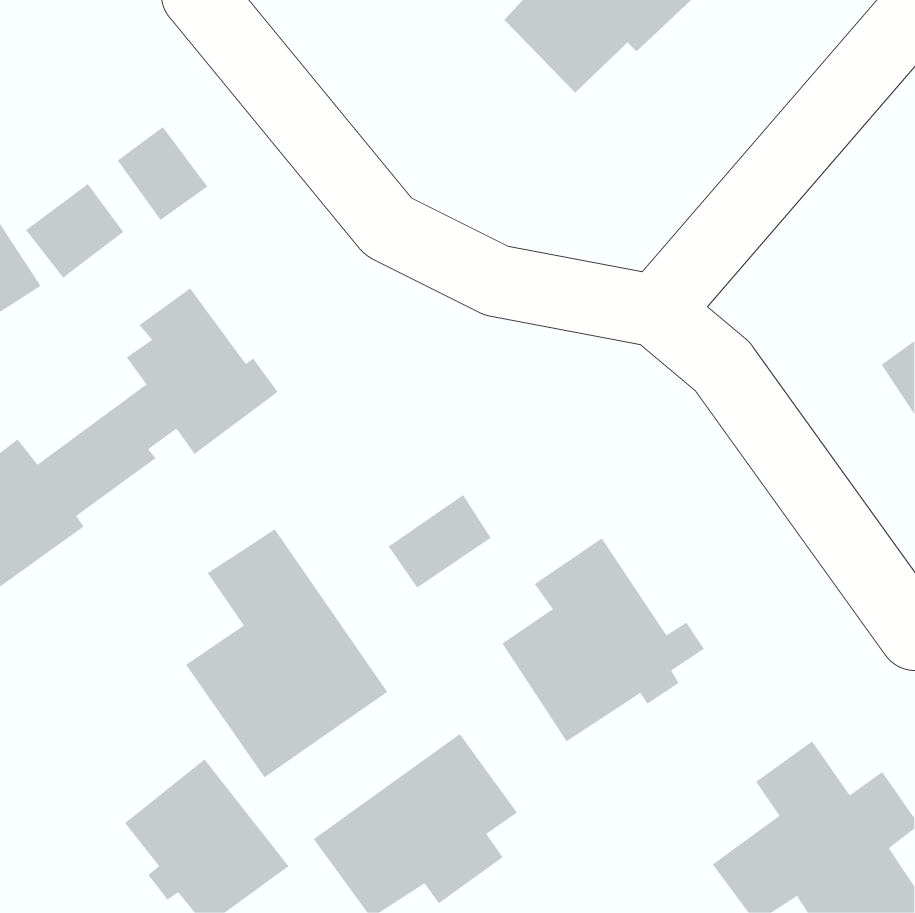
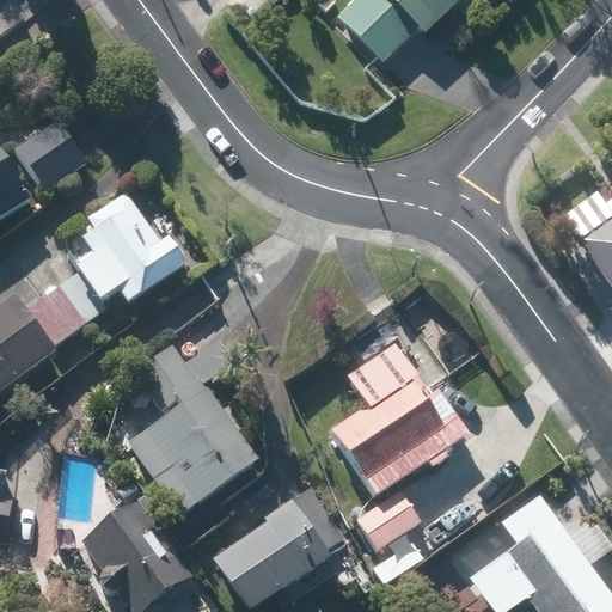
building: [117,126,208,221] -> none
building: [388,494,492,588] -> none
building: none -> [353,490,418,552]

